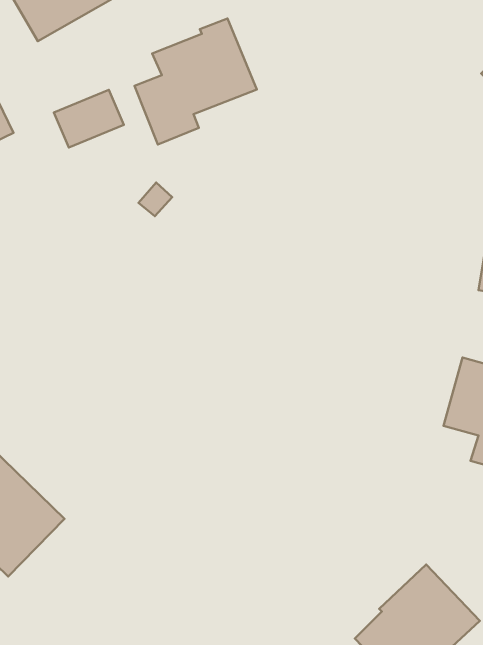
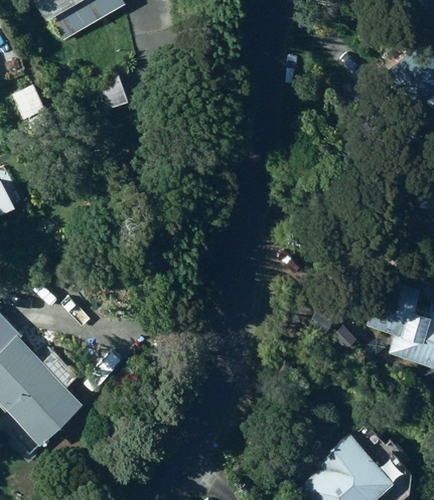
building: [135,18,257,144] -> none

